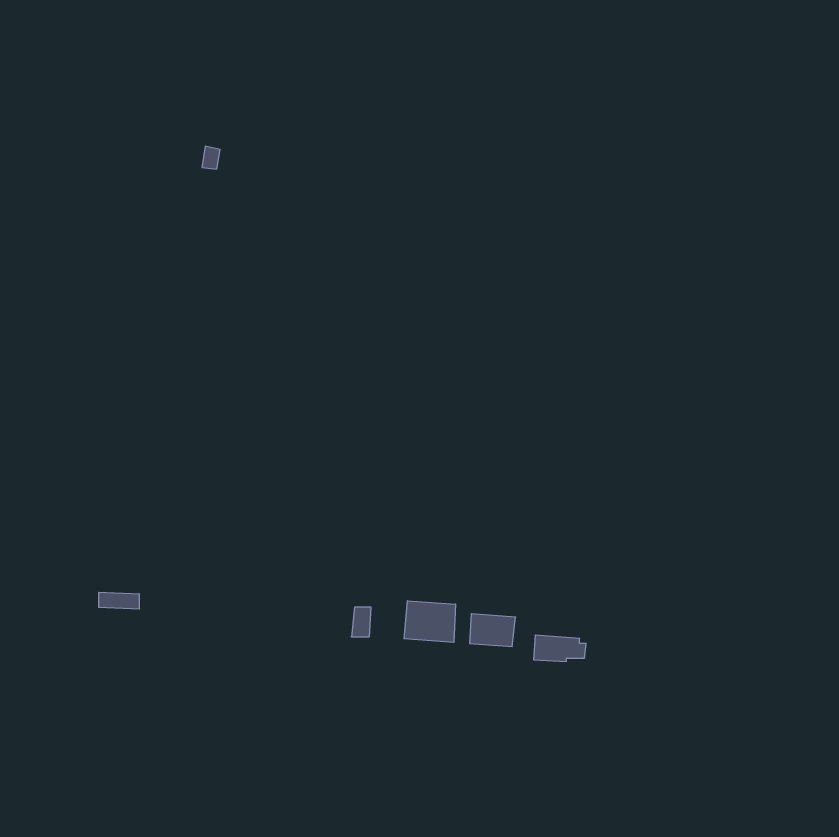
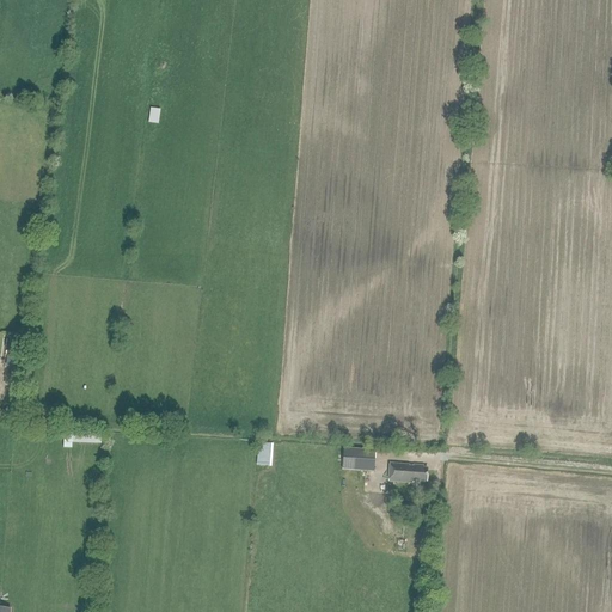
building: [404,601,455,642] -> none

